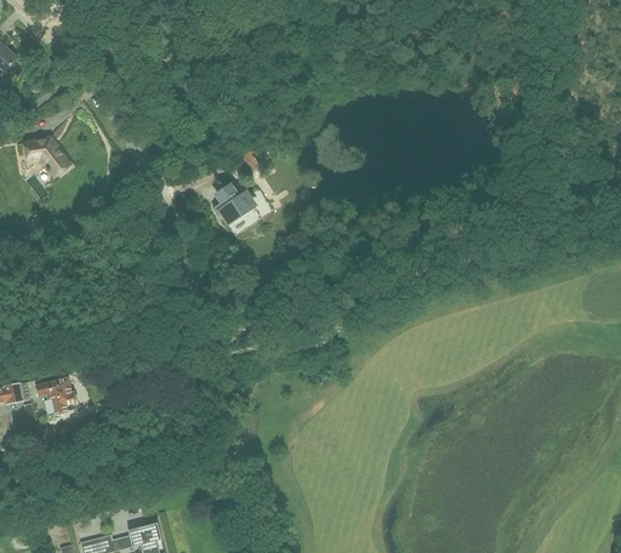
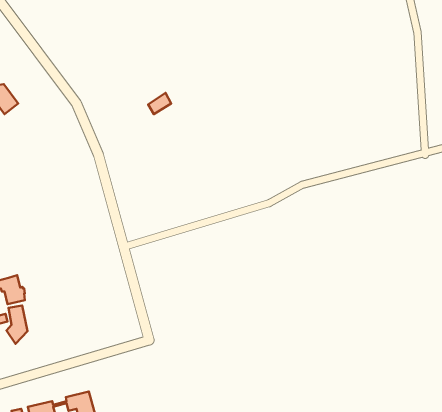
building: [212,186,252,220] -> none
building: none -> [7,305,27,344]

